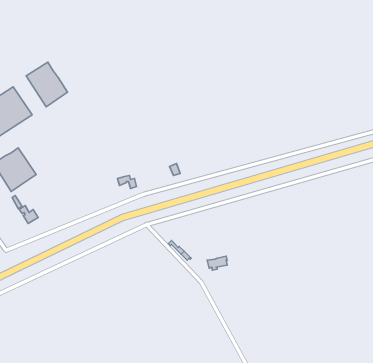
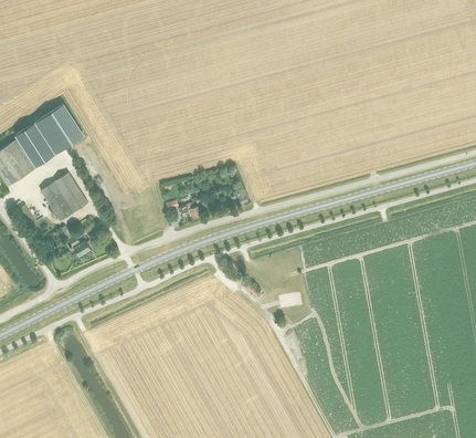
building: [26,62,68,107] -> none

